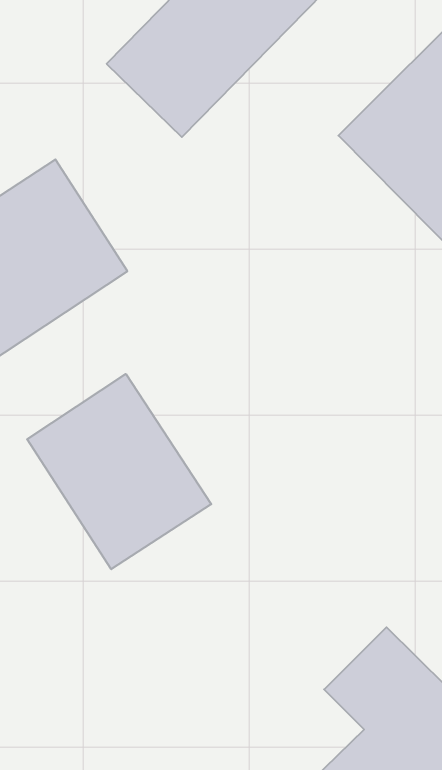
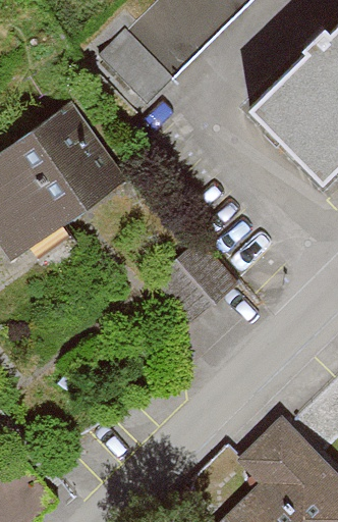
building: [27,374,211,569] -> none

